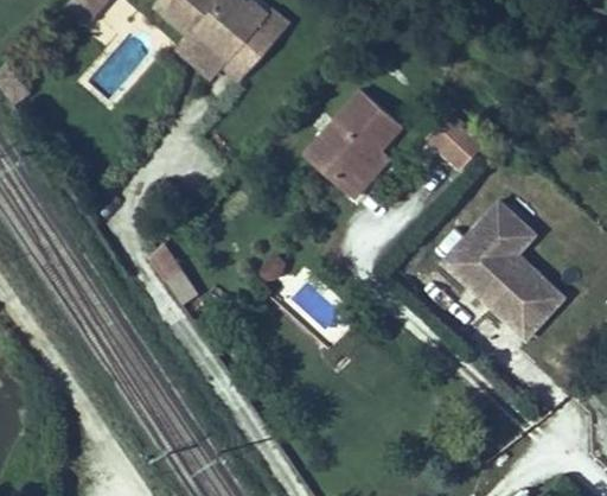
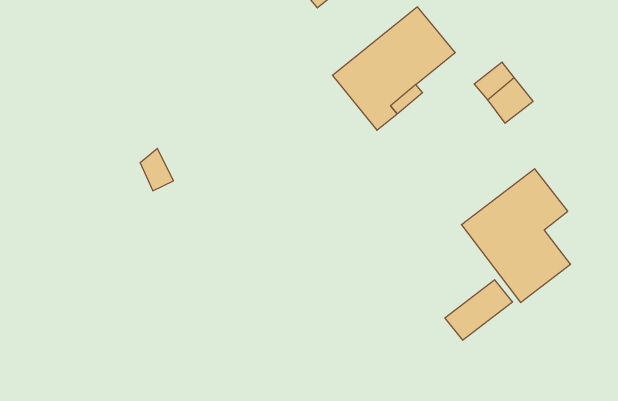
building: [504,284,561,342] -> [445,280,513,340]

